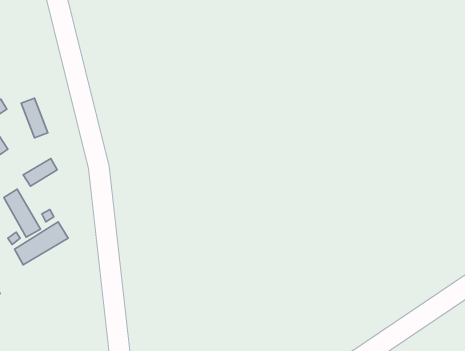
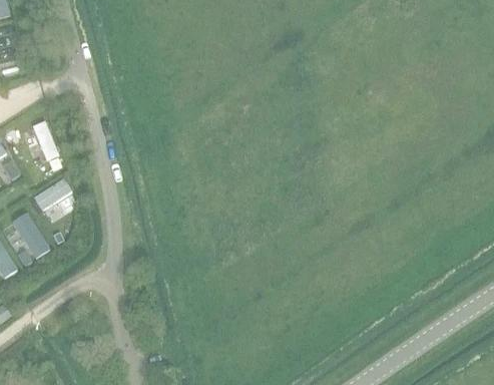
building: [14,222,68,265] -> none

